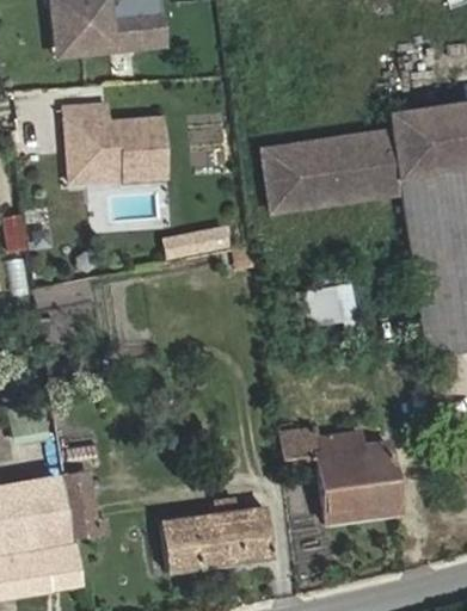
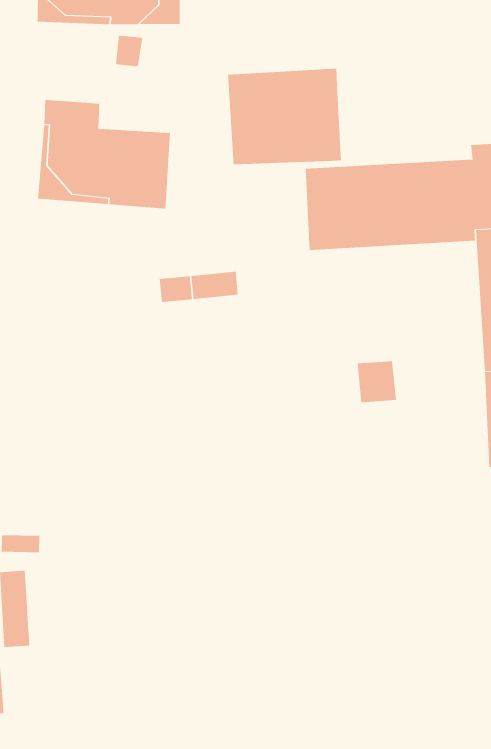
building: none -> [228,68,342,165]
building: [283,428,399,525] -> none
building: [160,506,274,573] -> none

